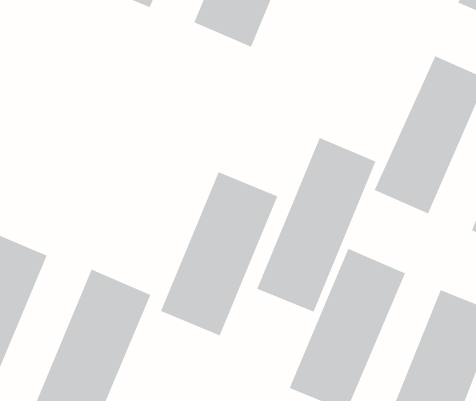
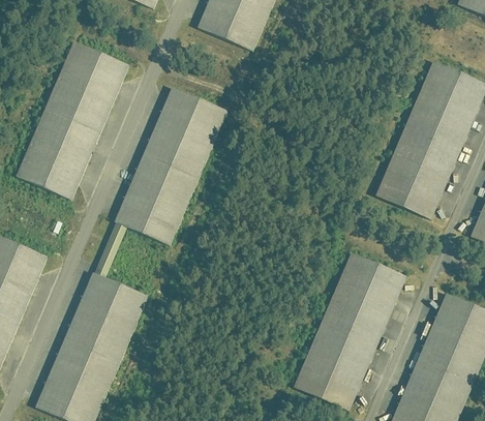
building: none -> [18,38,130,194]
building: [257,137,376,313] -> none
building: [160,171,278,336] -> [113,83,231,247]

